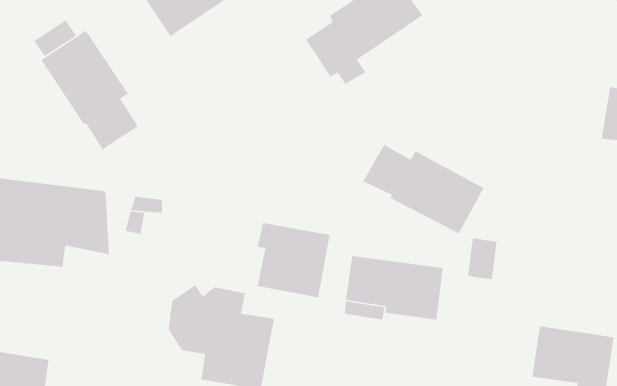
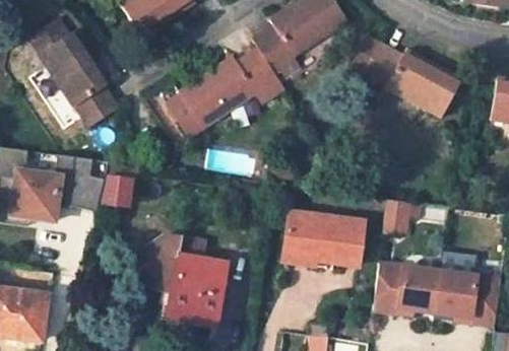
building: none -> [179,48,276,127]
building: [362,144,484,234] -> [363,43,461,116]
building: [257,222,331,298] -> none
building: none -> [372,261,440,310]

